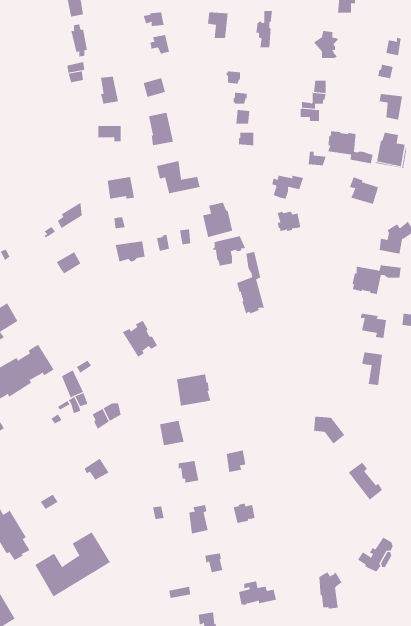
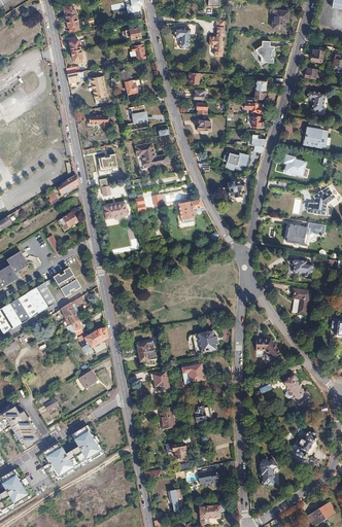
building: [328,131,373,164] -> none
building: [202,202,233,238] -> none
building: [236,251,264,314] -> none
building: [122,320,158,358] -> [54,267,81,295]
building: [176,374,211,406] -> [194,328,220,353]

